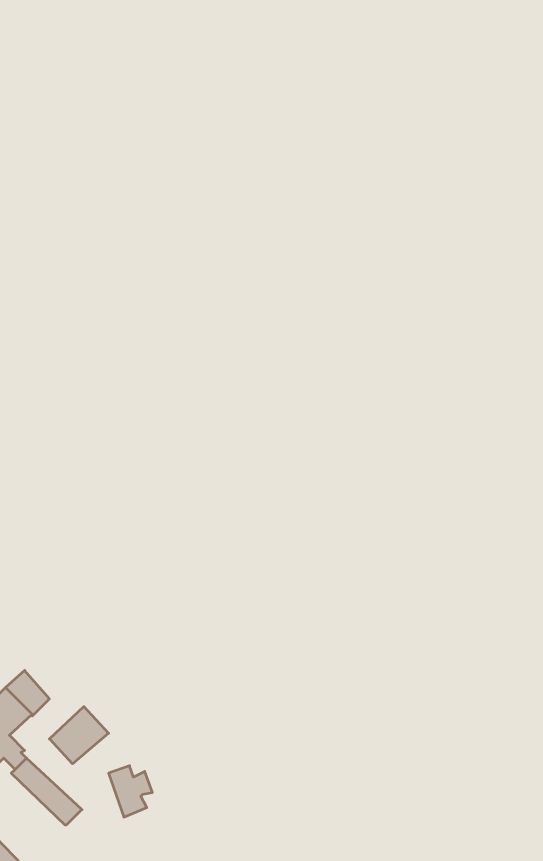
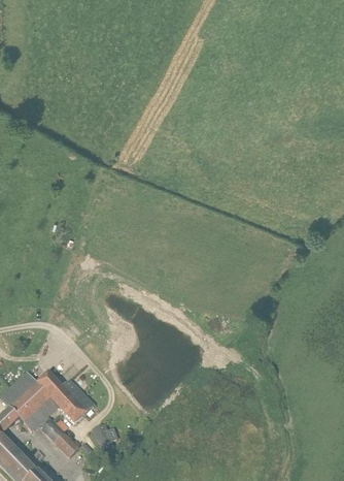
building: none -> [40,380,80,415]

